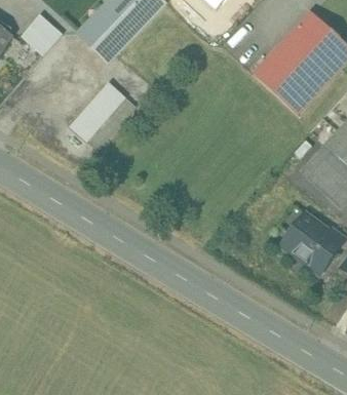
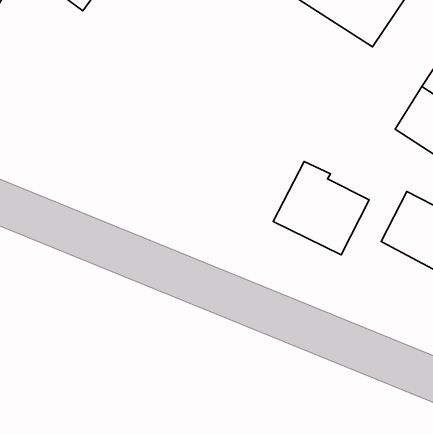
building: [70,81,126,141] -> none
building: none -> [273,161,369,255]

